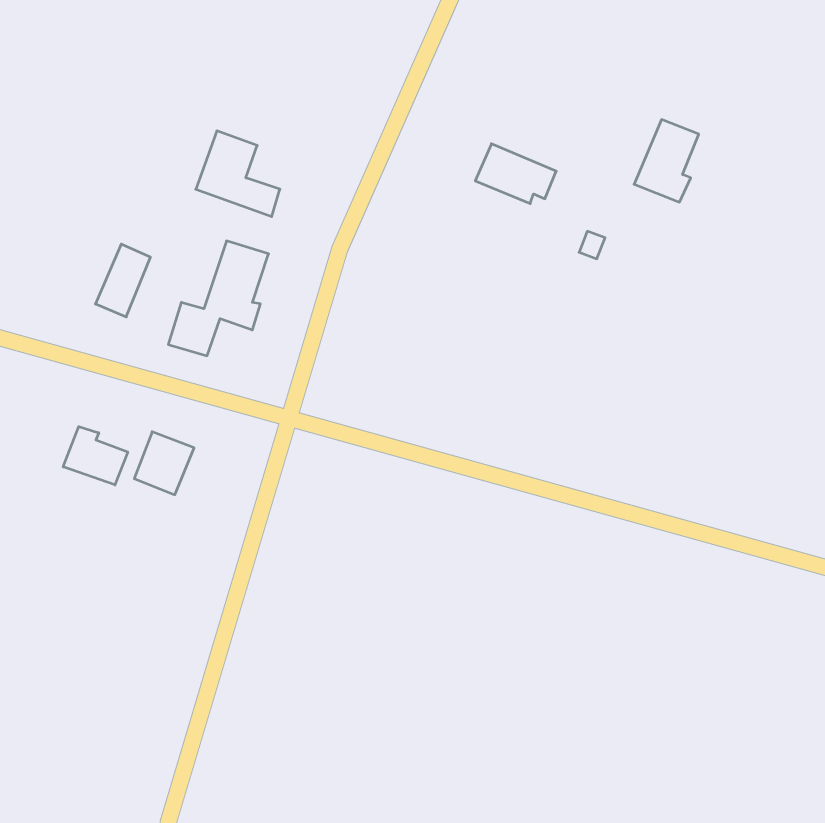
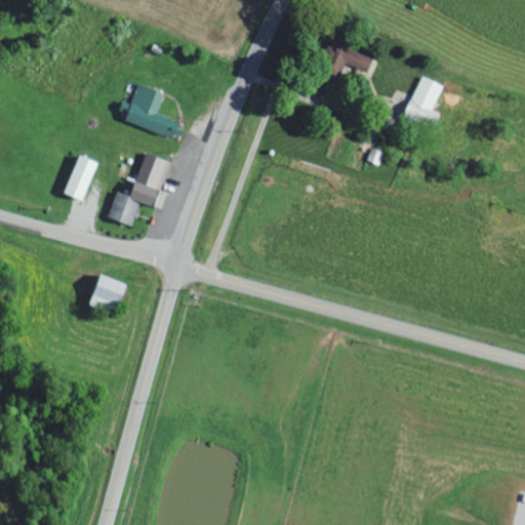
building: [475,144,556,204] -> [323,37,374,75]
building: [63,427,128,485] -> none

